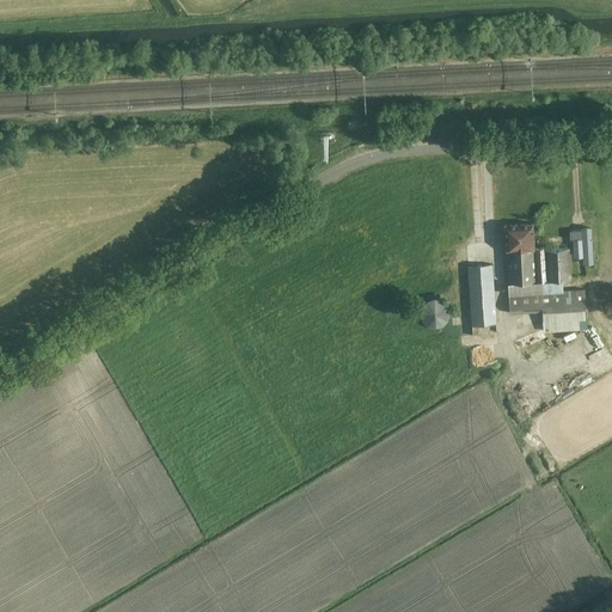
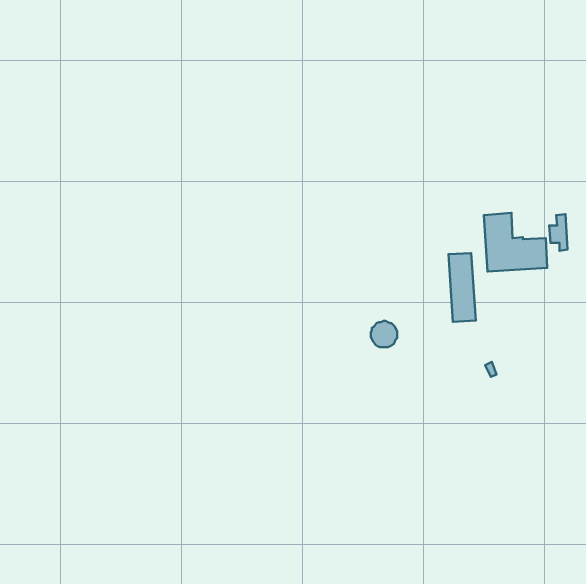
building: [508,290,587,330] -> none
building: [421,299,448,326] -> [371,321,397,347]

